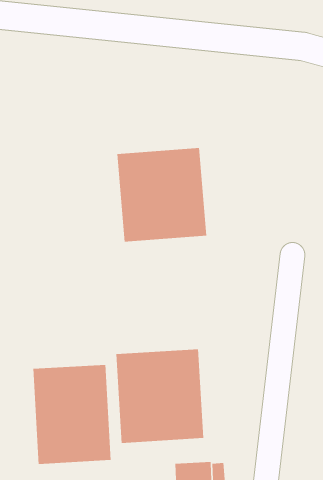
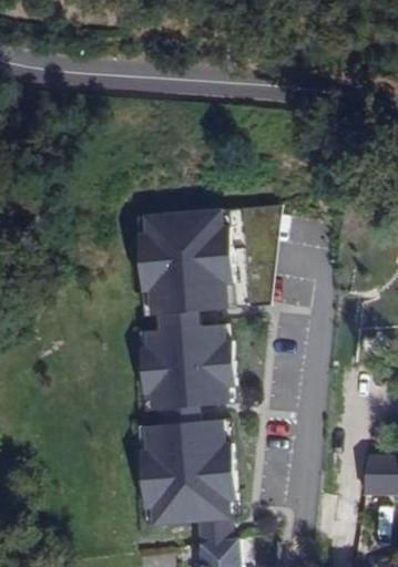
building: none -> [141,318,235,411]
building: [33,364,111,465] -> none

